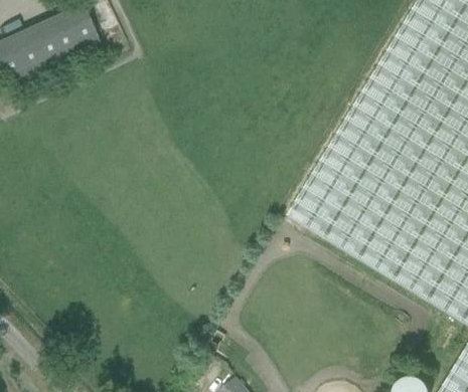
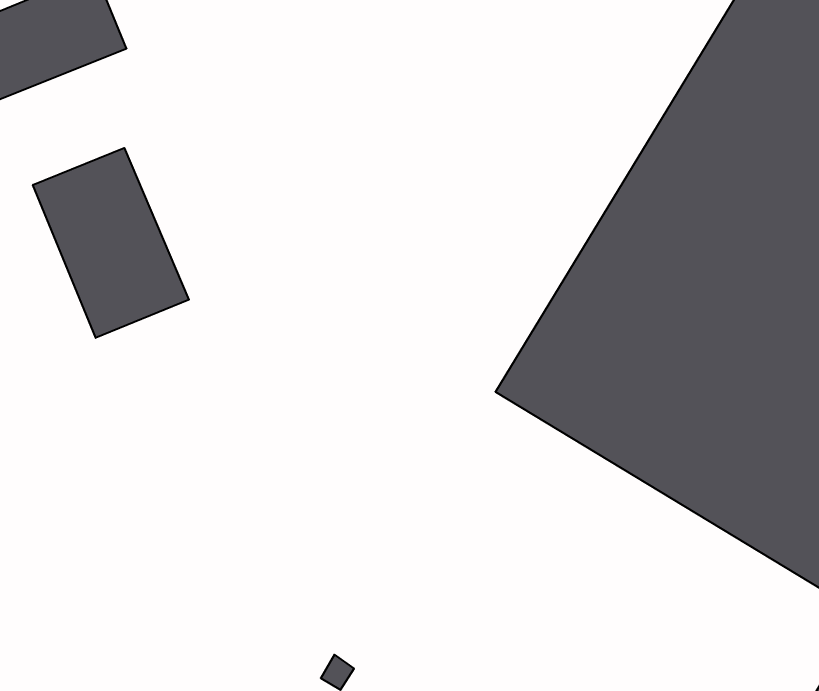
building: none -> [33,148,189,338]

